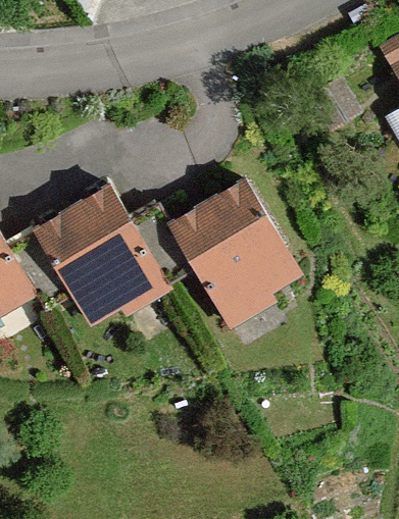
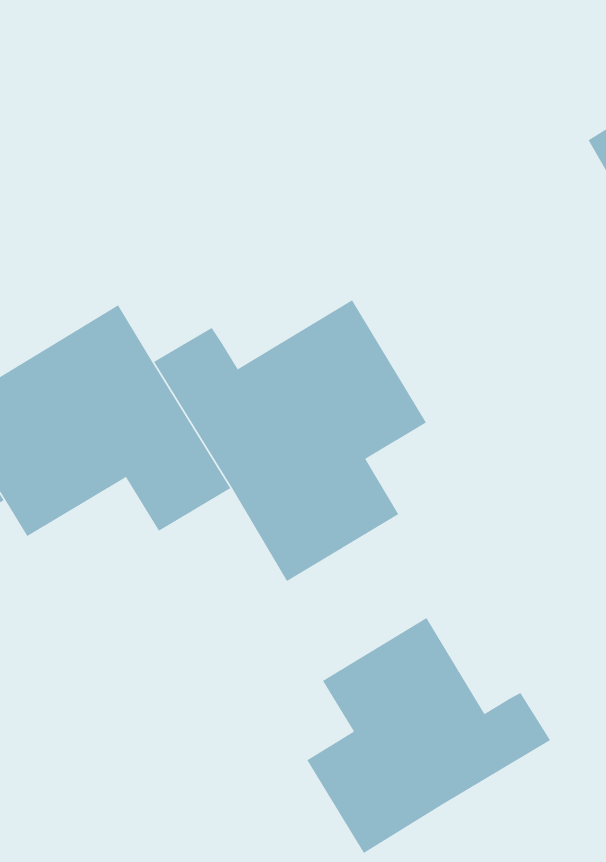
building: none -> [306,617,551,854]

